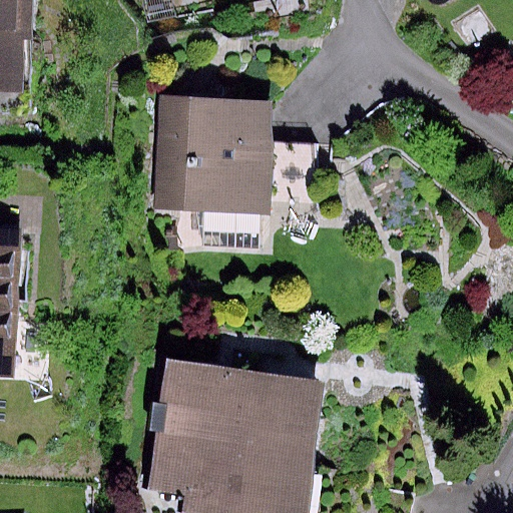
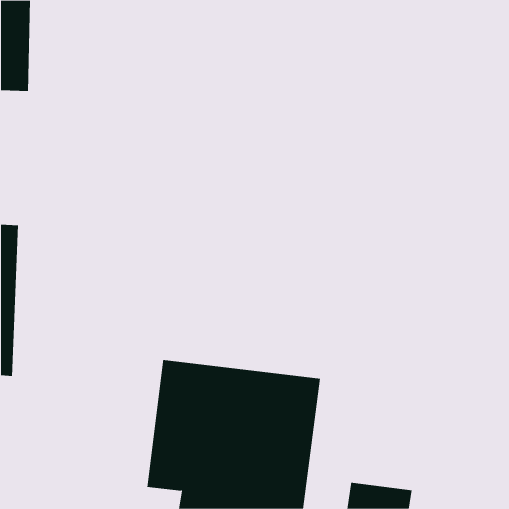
building: [156,97,271,251] -> none

